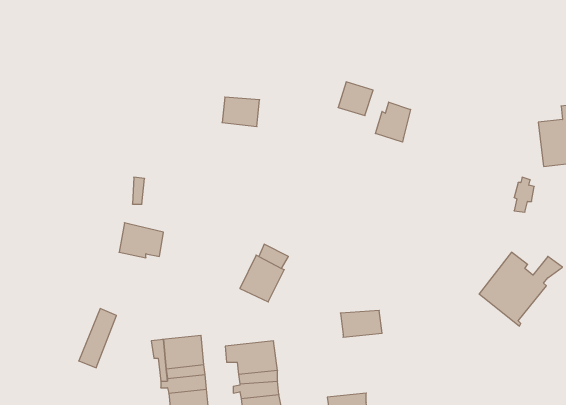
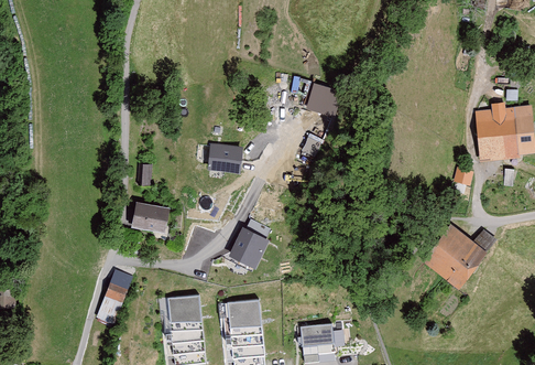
building: [222,97,260,127] -> [209,146,240,170]
building: [375,102,411,142] -> none
building: [340,310,382,337] -> [299,323,334,345]

